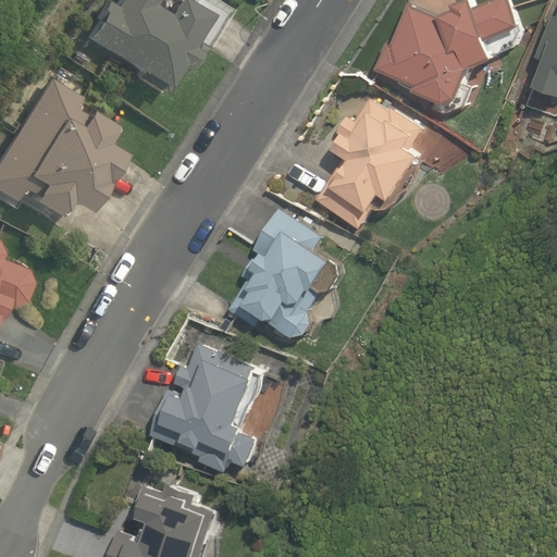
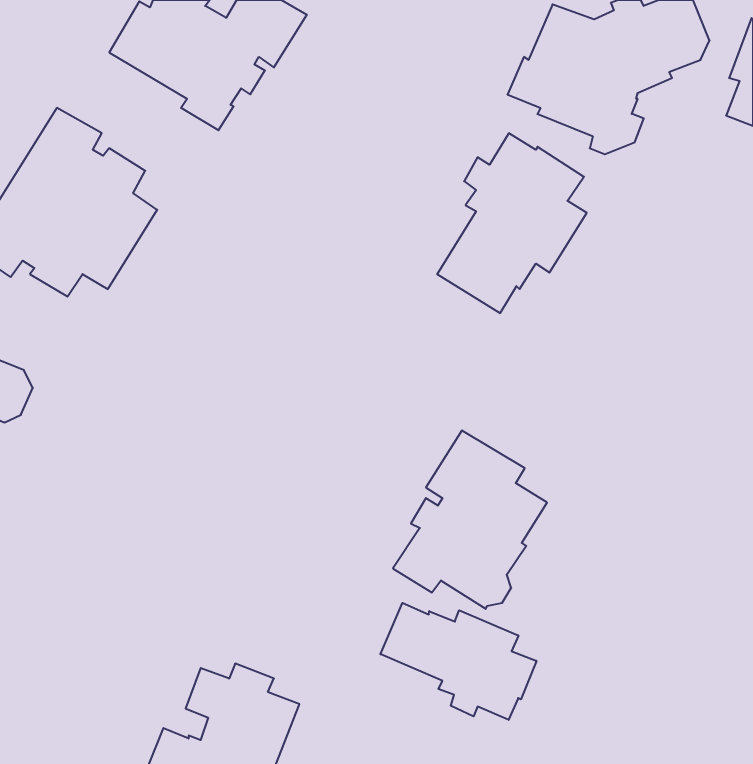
building: [230,209,342,338] -> [393,431,547,609]
building: [150,343,263,472] -> none
building: none -> [380,603,536,720]

